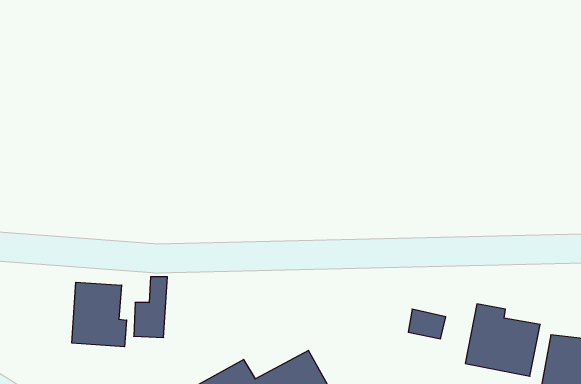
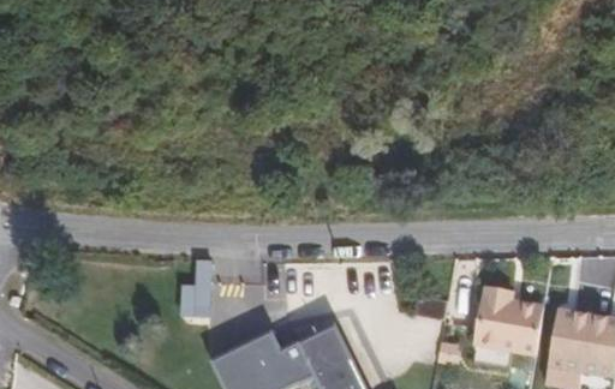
building: [72,282,127,347] -> none

